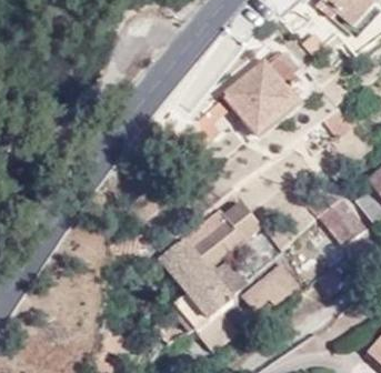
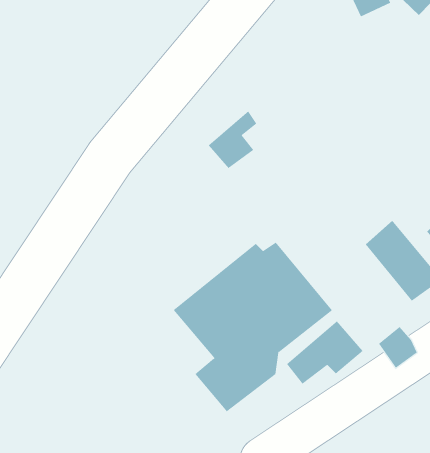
building: [220,54,304,135] -> none

